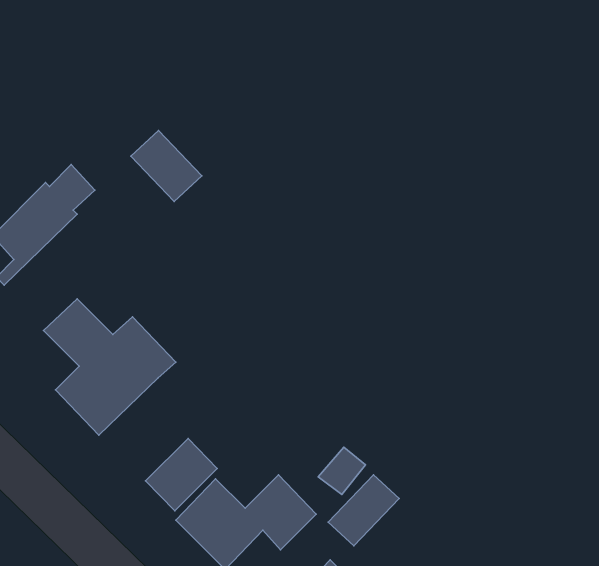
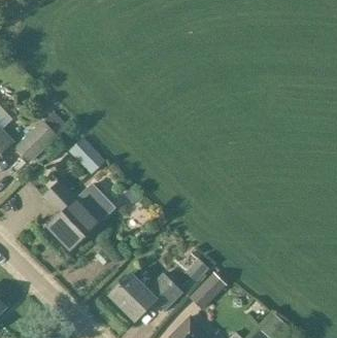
building: [131,130,202,202] -> [68,135,105,172]
building: [146,438,217,511] -> none

